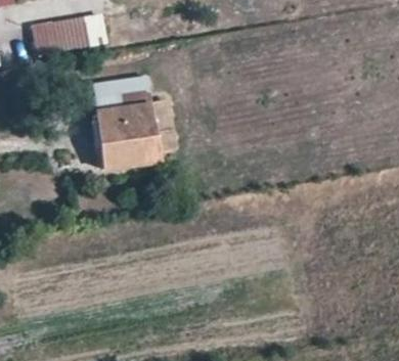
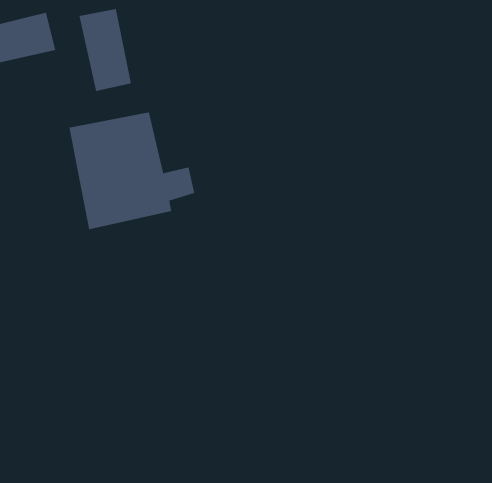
building: none -> [78,8,132,92]

